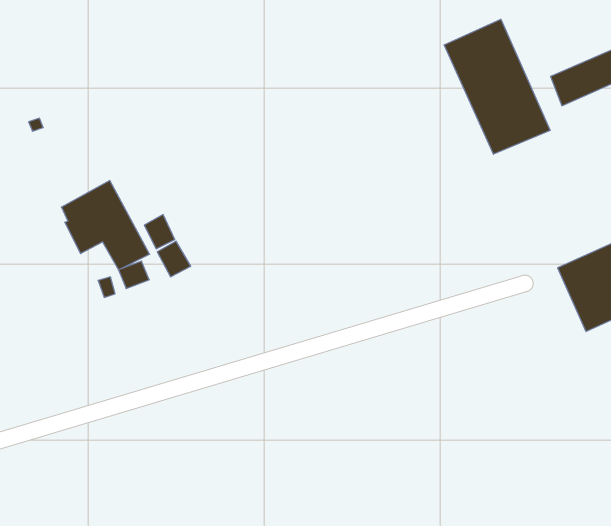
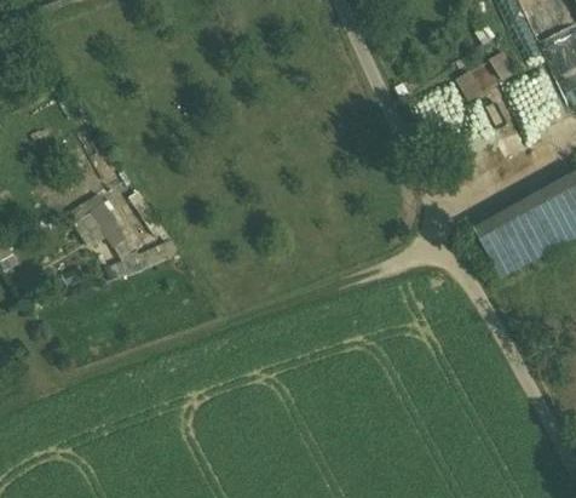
building: [444,19,550,154] -> none

